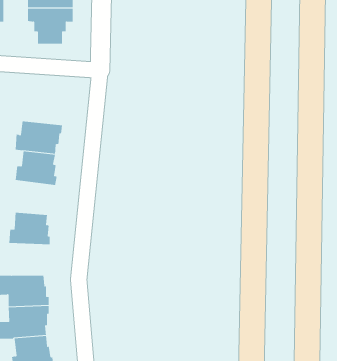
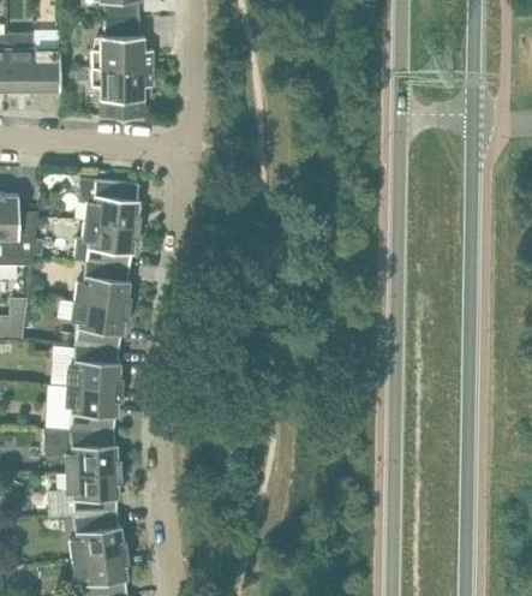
building: none -> [78,177,141,226]
building: none -> [71,300,128,347]
building: none -> [64,386,121,429]

